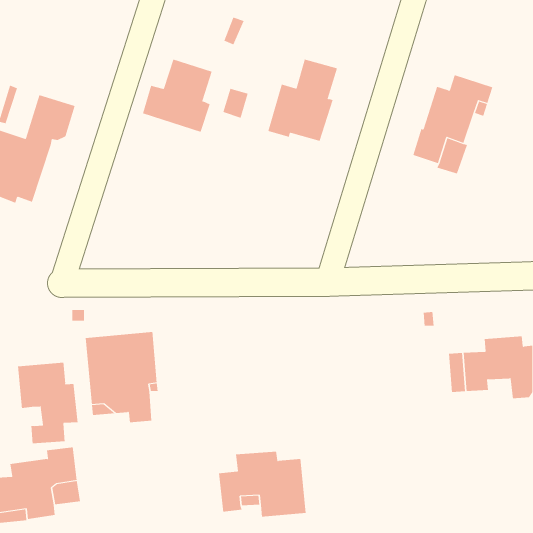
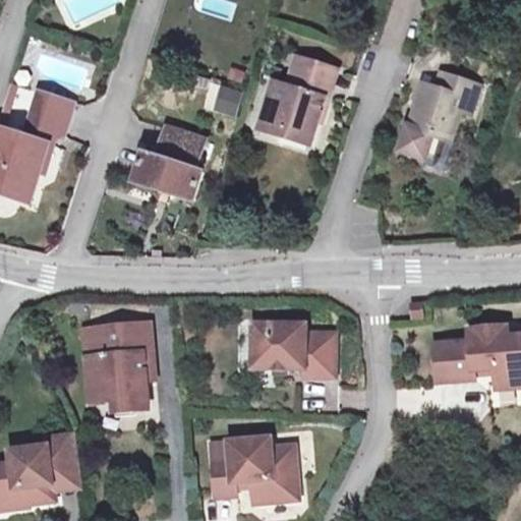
building: [142,59,213,132] -> [135,127,204,198]
building: none -> [253,323,334,375]
building: [18,362,78,444] -> none

